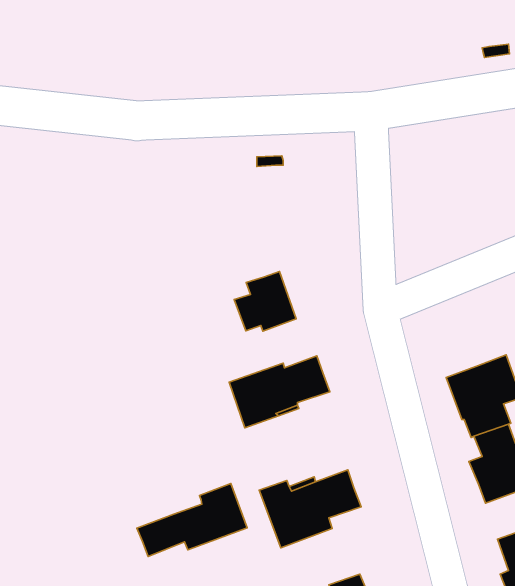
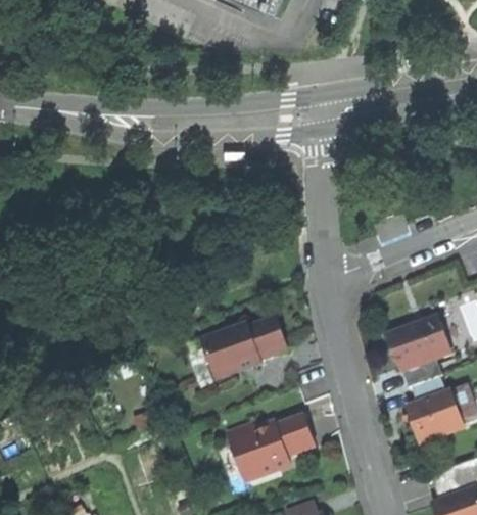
building: [234,272,296,331] -> none
building: [137,483,247,556] -> none

